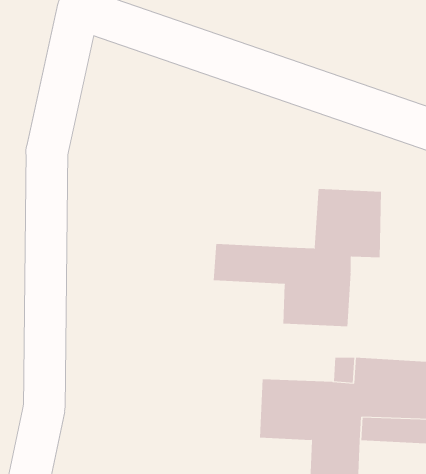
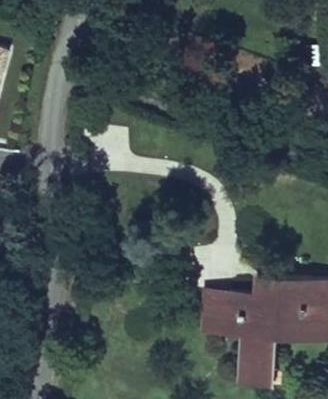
building: [213,188,382,327] -> none

